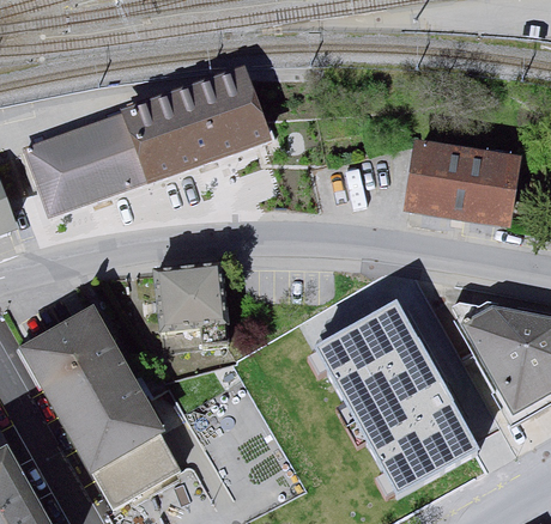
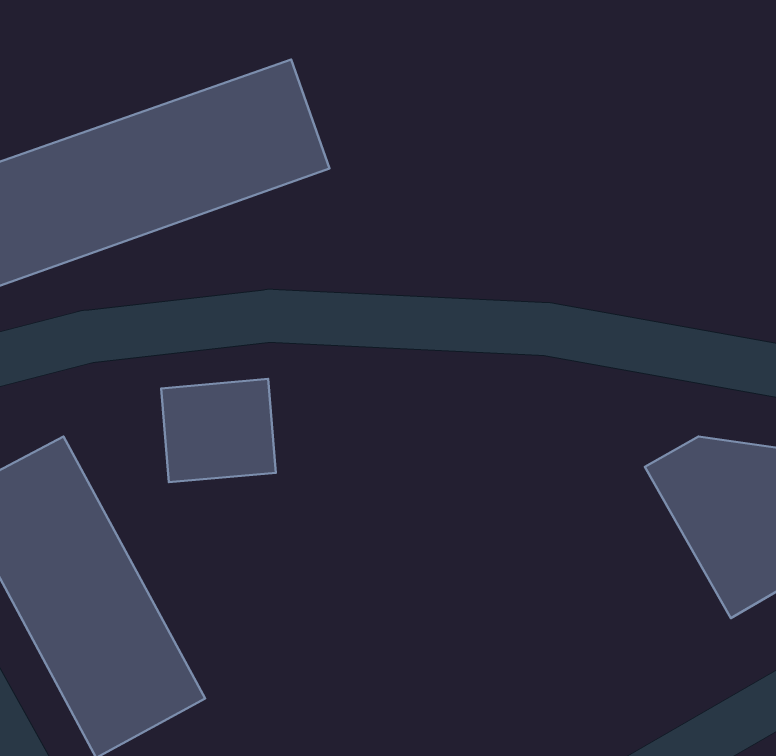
building: [408,144,527,231] -> none
building: [308,292,478,492] -> none

